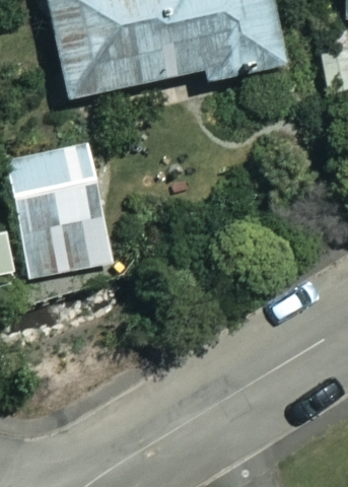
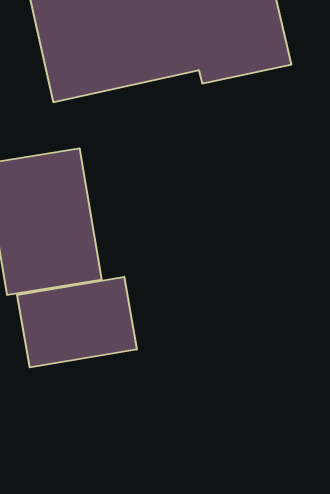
building: none -> [17,277,137,367]

